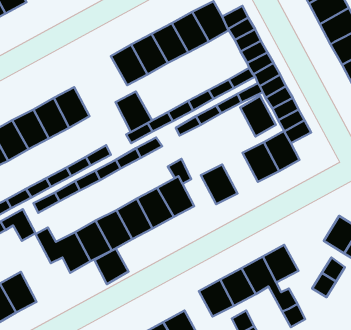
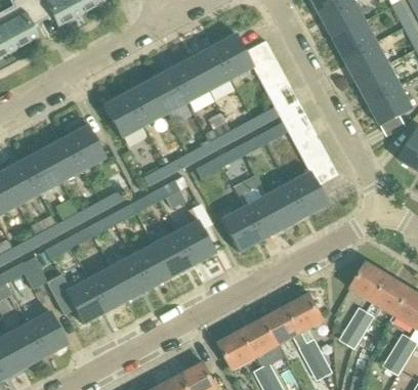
building: [115,91,152,132] -> [104,94,143,137]
building: [240,96,276,137] -> [244,197,282,240]
building: [95,248,129,284] -> none
building: none -> [31,312,67,354]

